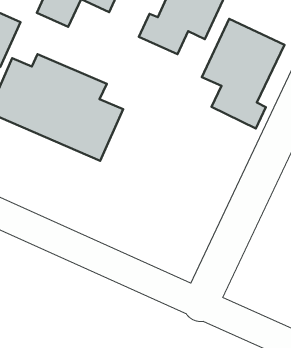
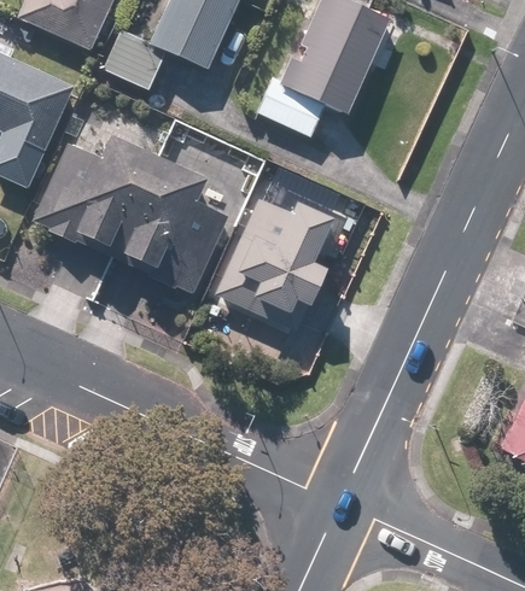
building: [202,19,285,128] -> none
building: none -> [212,192,329,330]

